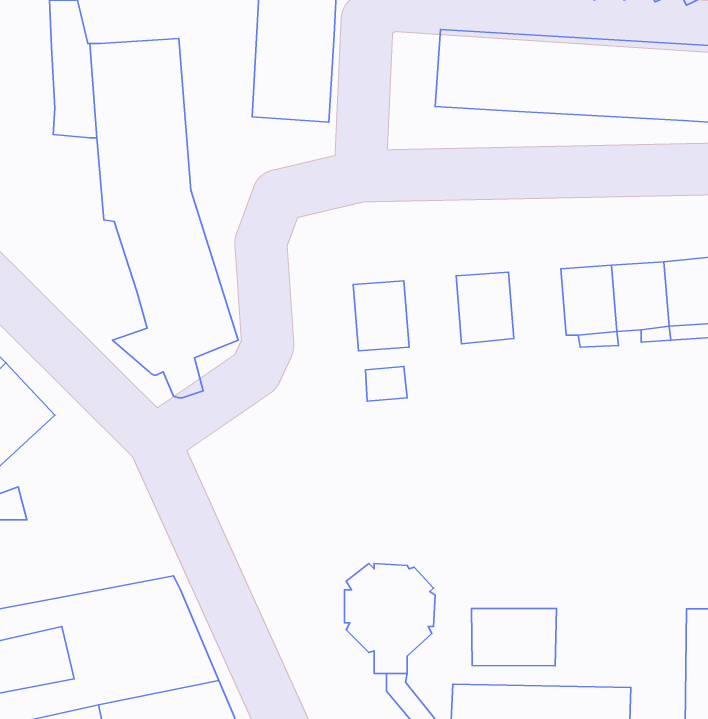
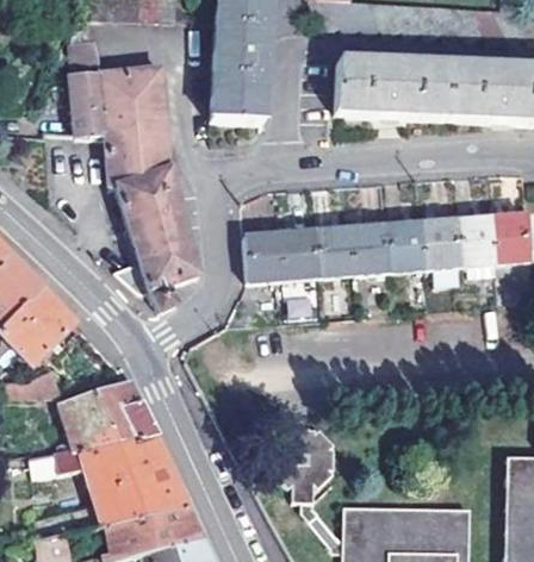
building: none -> [385,221,424,269]
building: none -> [313,226,353,275]
building: none -> [242,232,282,281]
building: none -> [63,376,156,447]
building: [472,609,557,666] -> none

